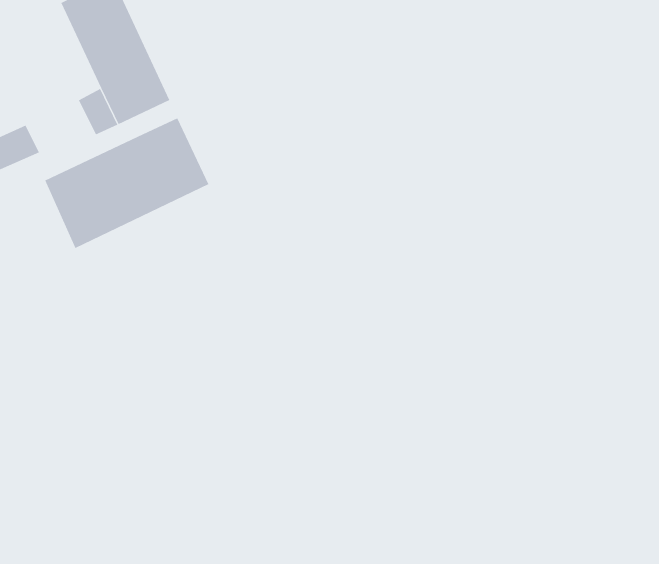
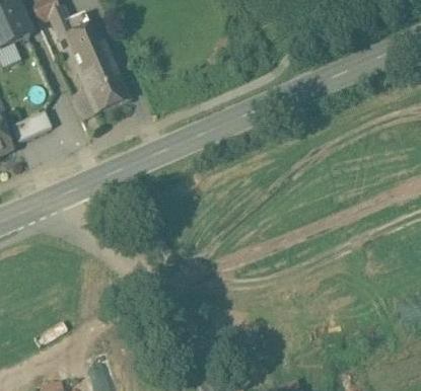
building: [44,117,209,249] -> none

